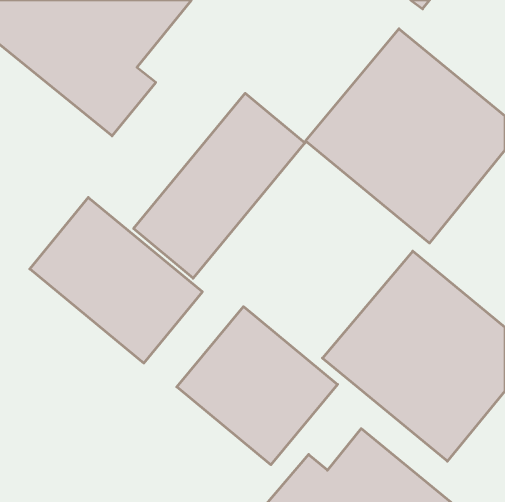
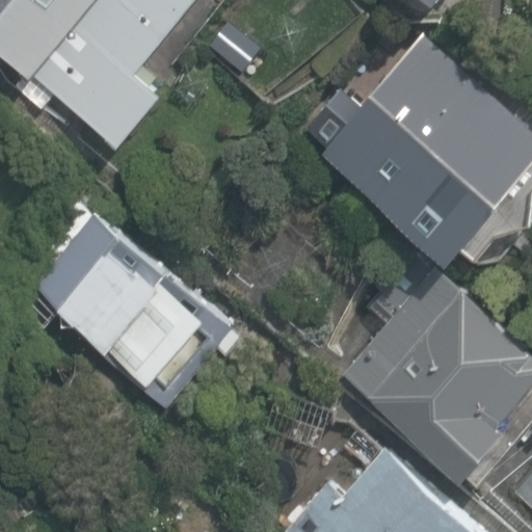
building: [134,93,305,278] -> none
building: [177,307,338,465] -> none

